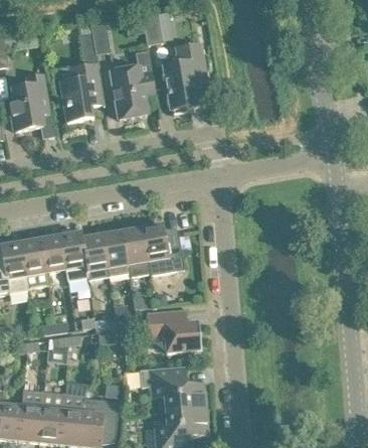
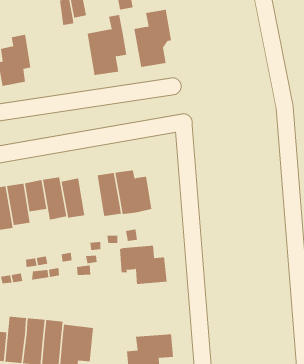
building: [51,63,105,122] -> none
building: [102,231,129,276] -> none
building: [139,366,206,412] -> none

